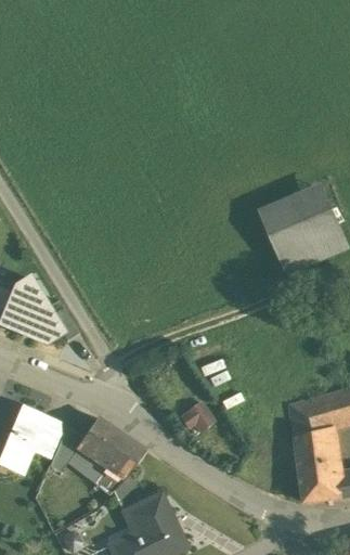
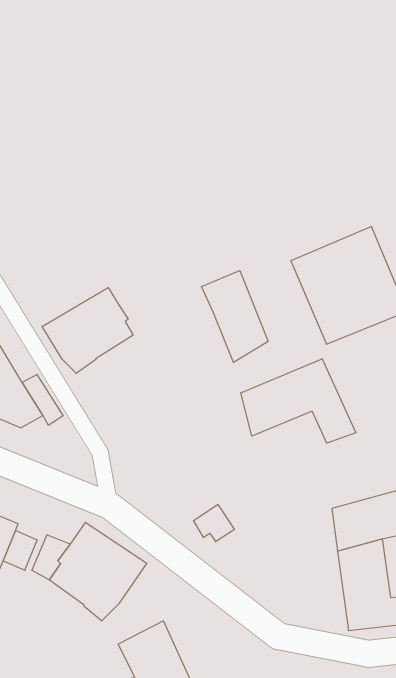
building: none -> [202,271,268,362]
building: none -> [42,287,133,374]
building: none -> [241,359,356,443]

